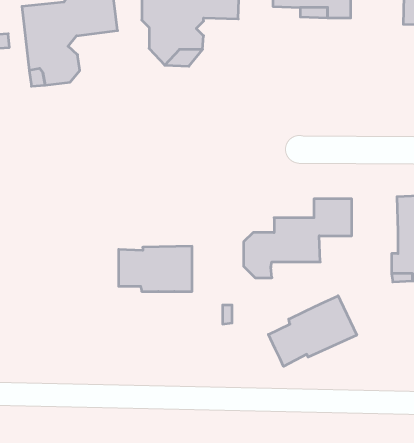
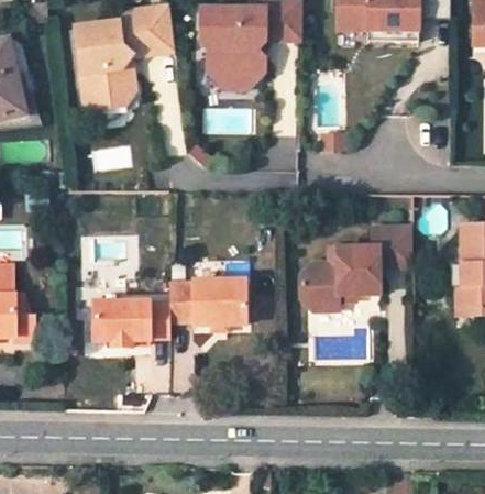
building: none -> [92,299,172,347]
building: [268,296,357,366] -> none

